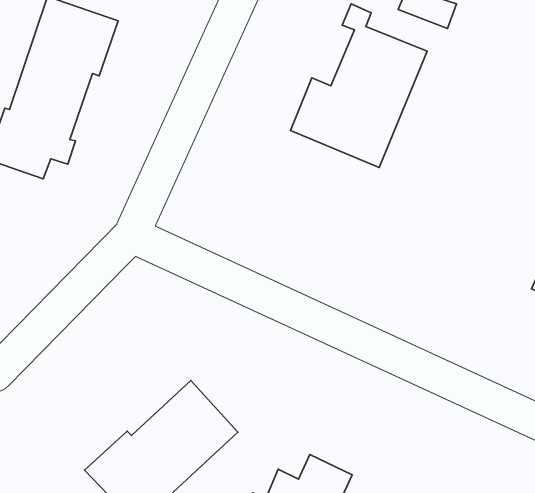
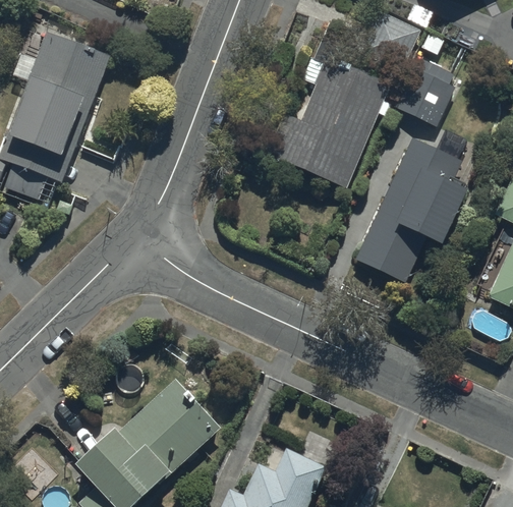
building: none -> [393,57,454,127]
building: none -> [355,137,468,282]

